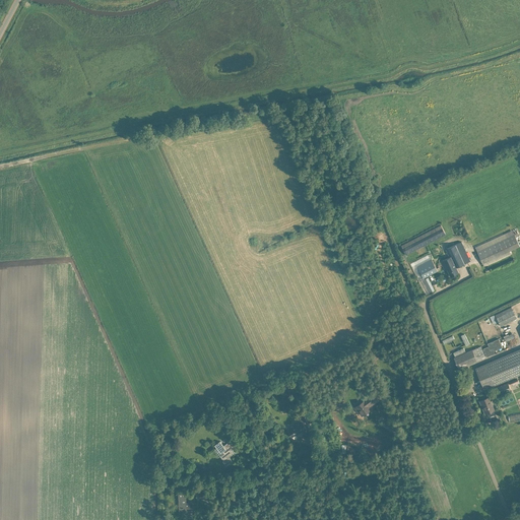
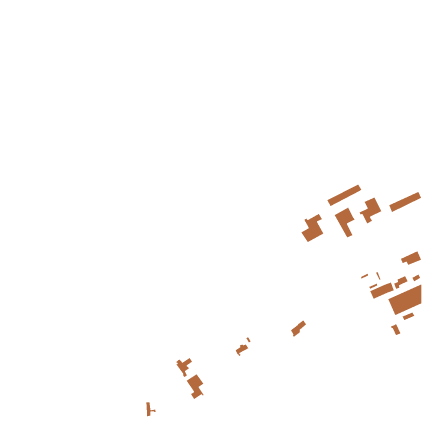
building: none -> [300,213,324,243]
building: none -> [186,373,205,400]

